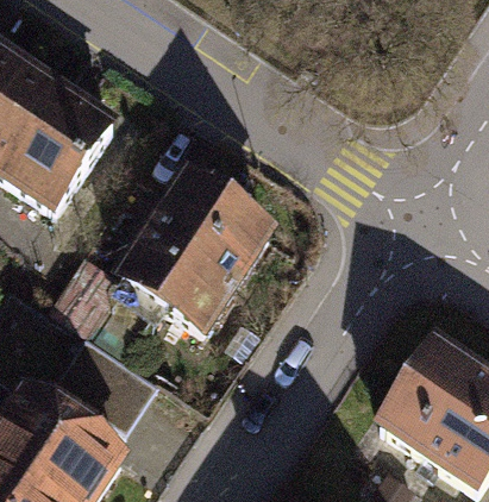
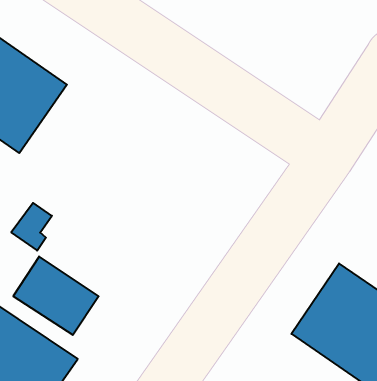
building: [117,169,275,331] -> none

